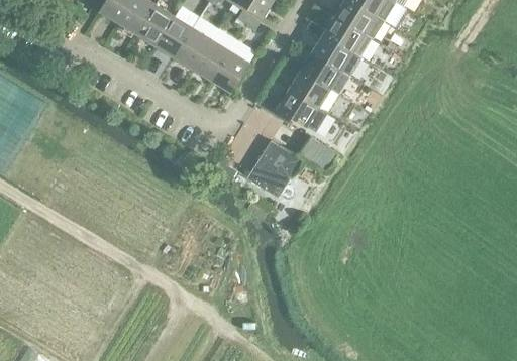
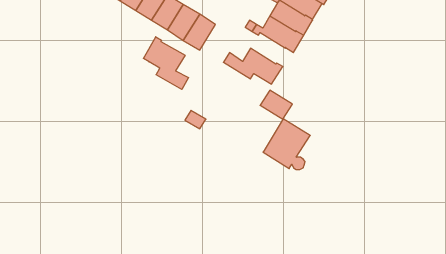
building: [290,71,330,107] -> none
building: none -> [143,37,189,89]
building: [248,140,303,199] -> [263,119,310,170]

